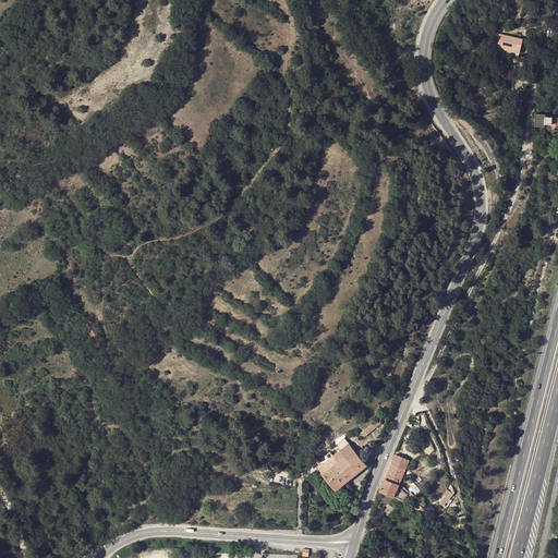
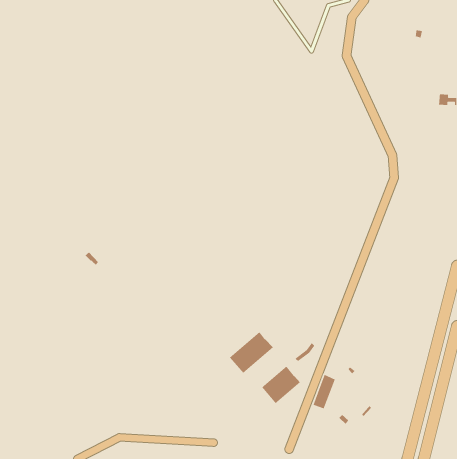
building: none -> [229,331,274,374]

